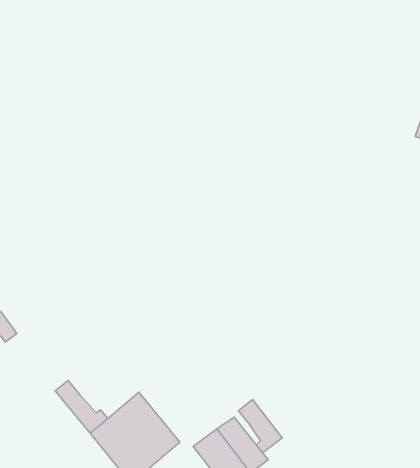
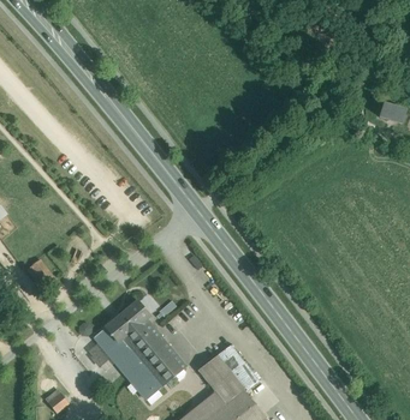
building: none -> [103,299,151,346]
building: [239,399,282,453] -> none

